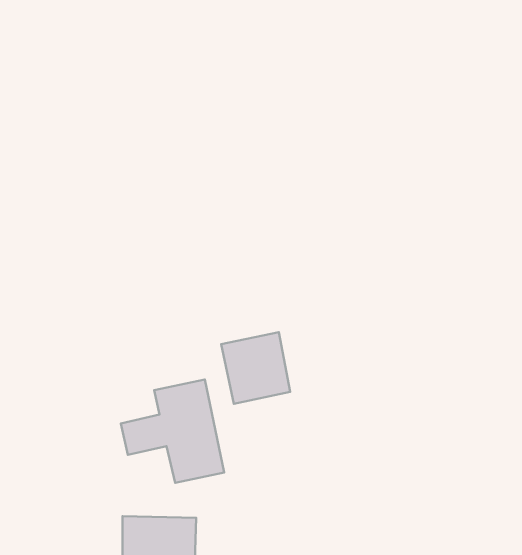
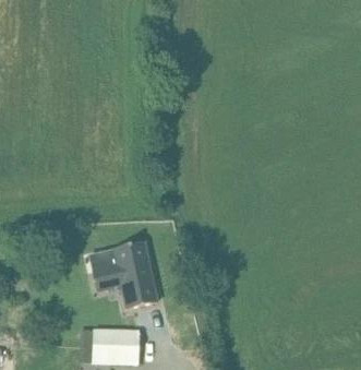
building: [221,332,290,404] -> none

